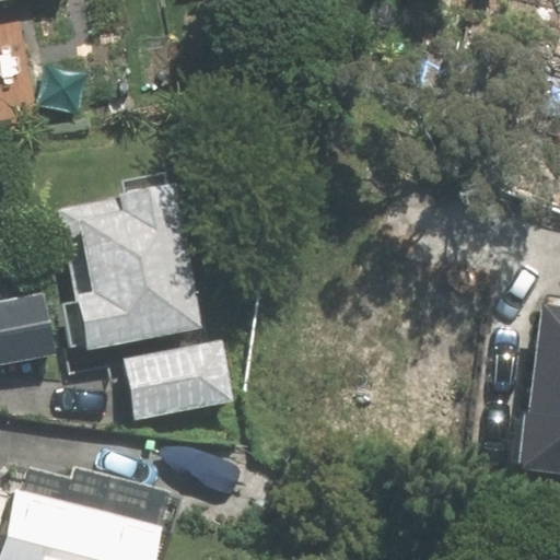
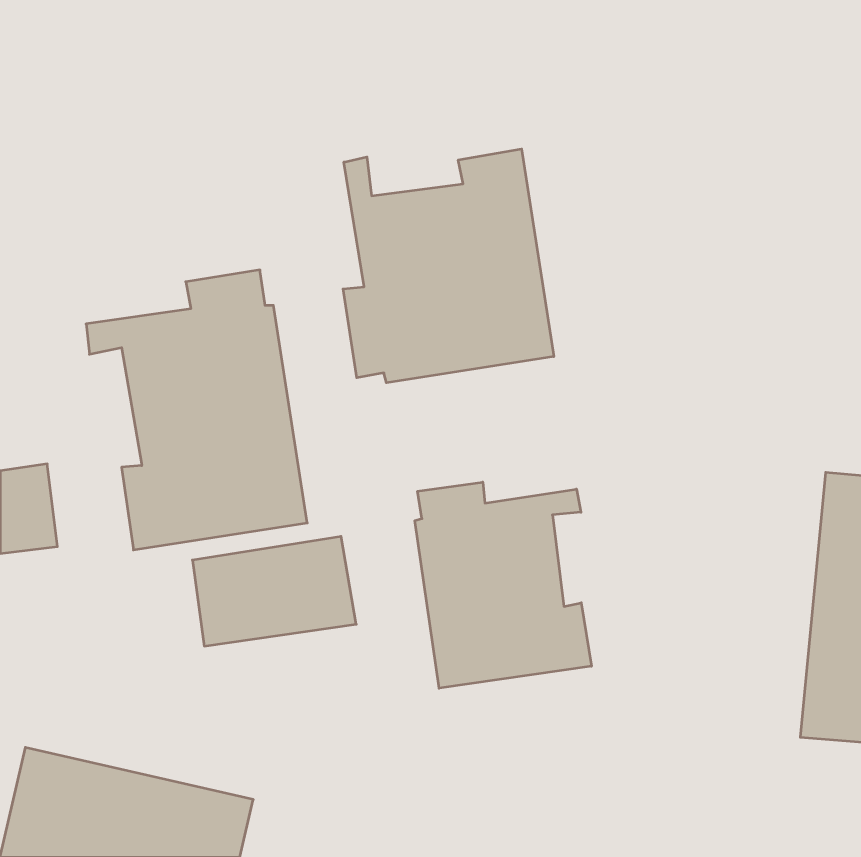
building: none -> [343,149,554,383]
building: none -> [415,482,591,688]

